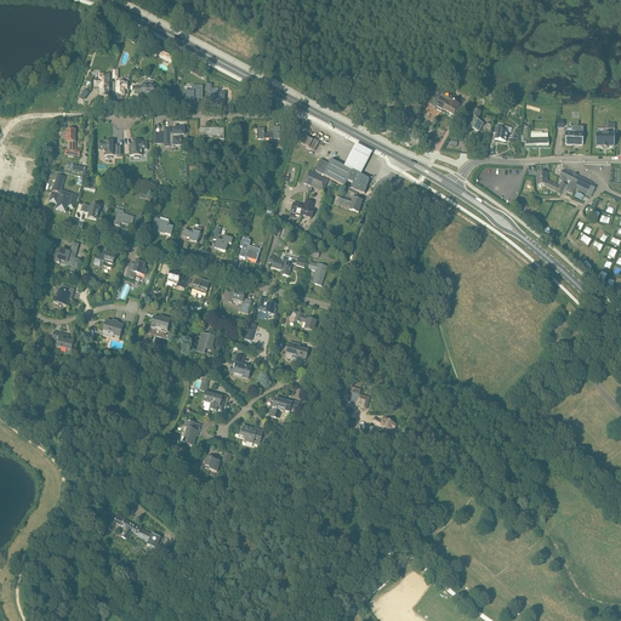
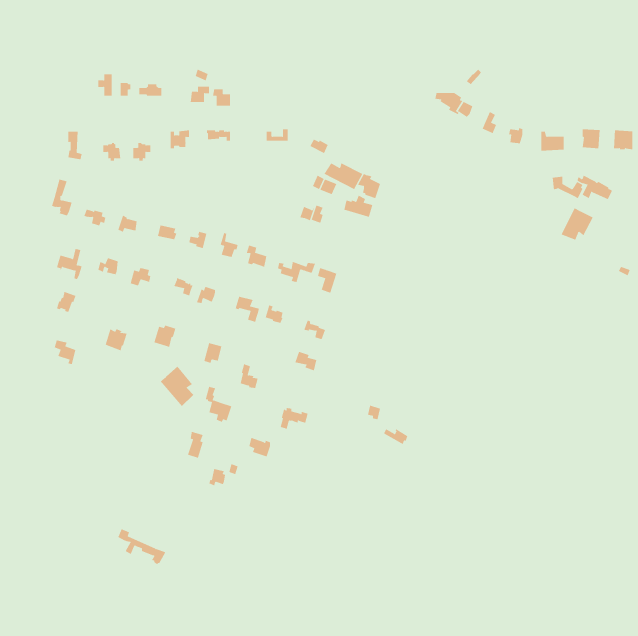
building: none -> [561,208,594,241]
building: none -> [160,366,194,407]

